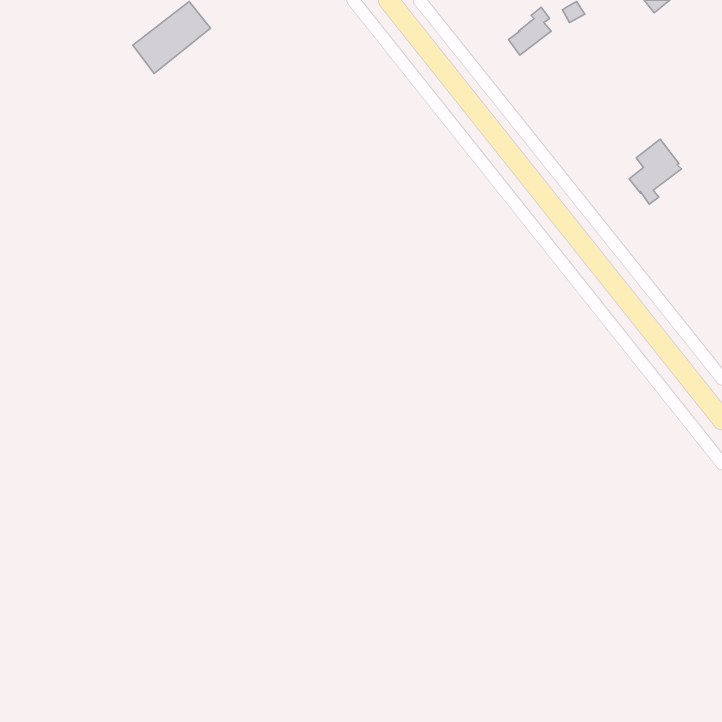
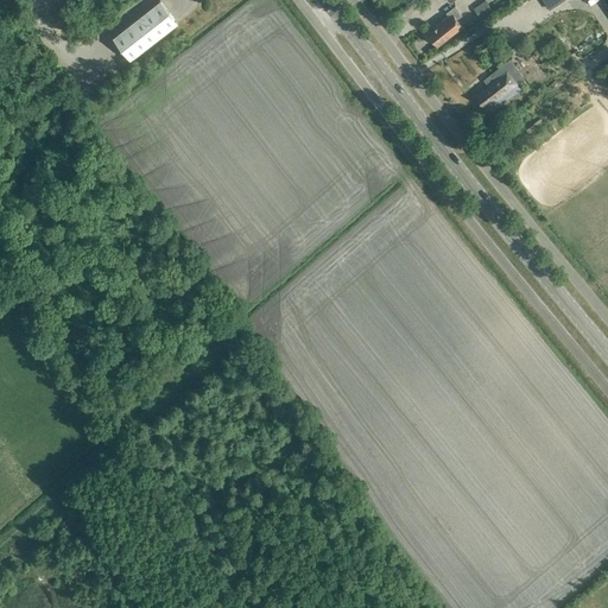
building: [629,139,682,204] -> [476,64,520,119]

